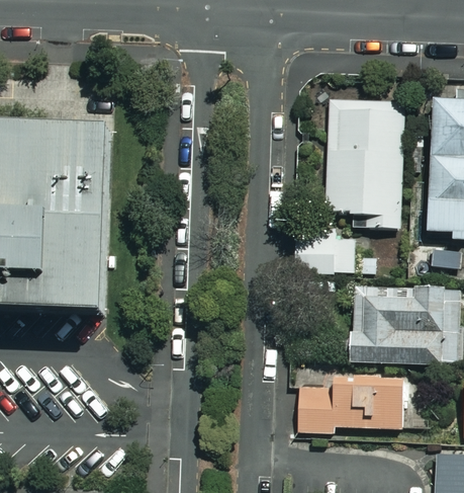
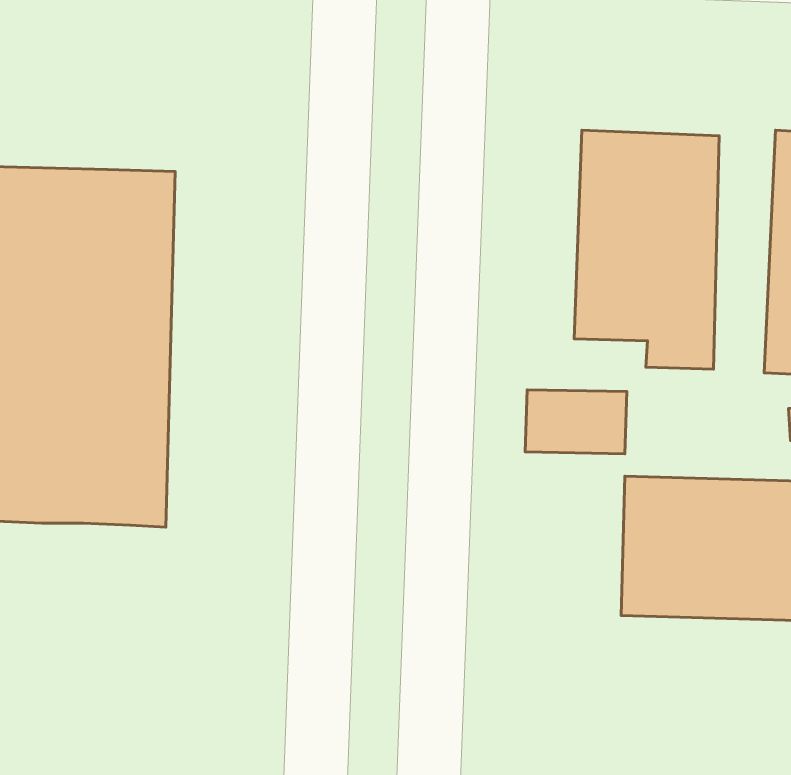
building: [320,379,393,431] -> none

